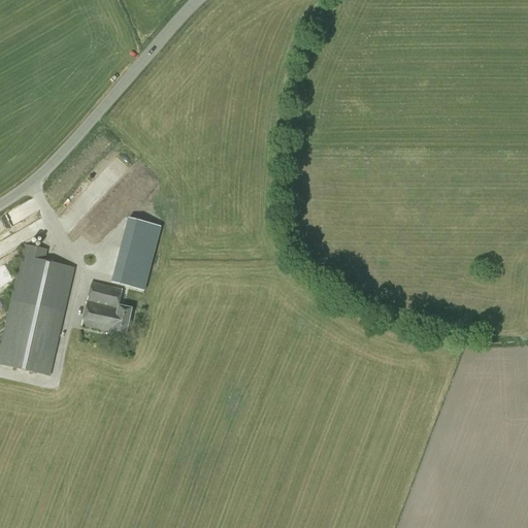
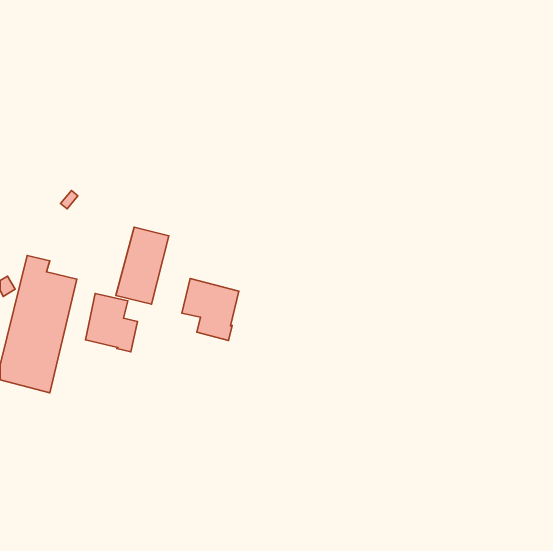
building: none -> [182,278,239,340]

